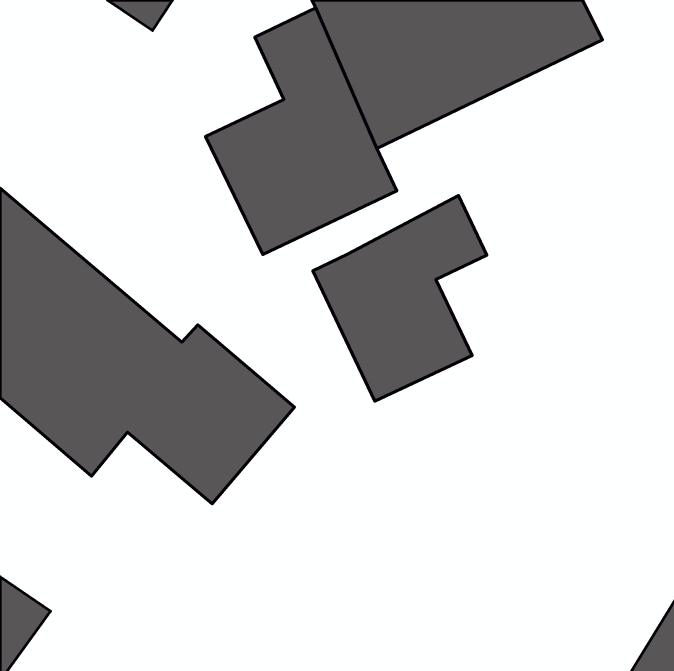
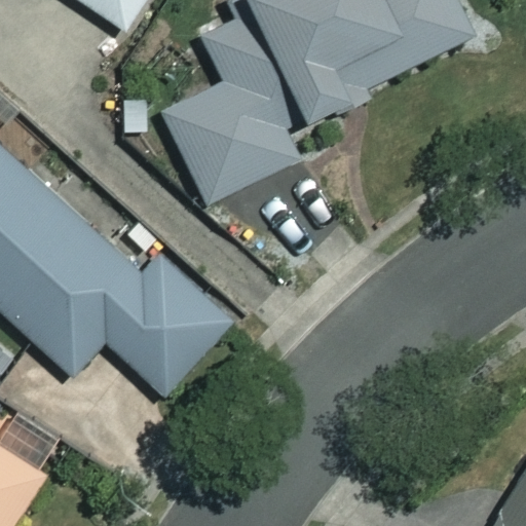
building: [313,196,487,401] -> none

